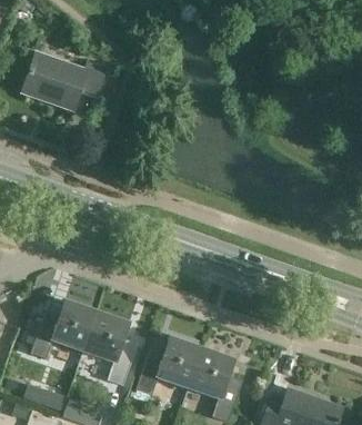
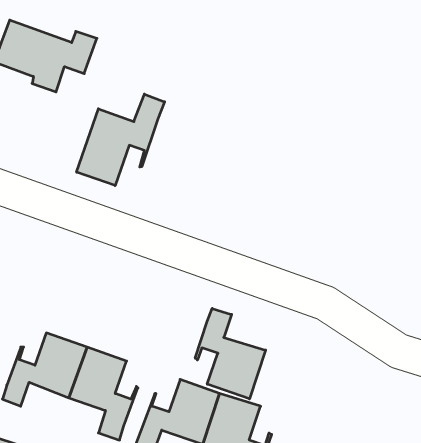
building: none -> [77,94,165,186]
building: none -> [195,308,266,399]

